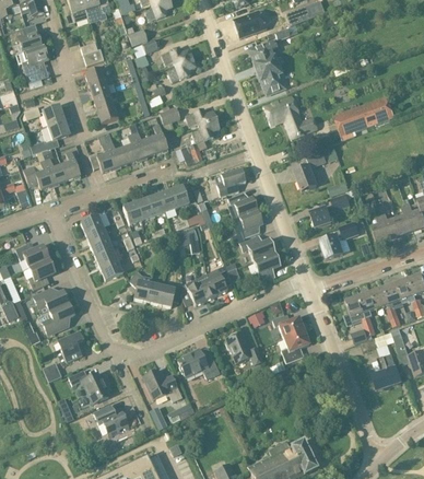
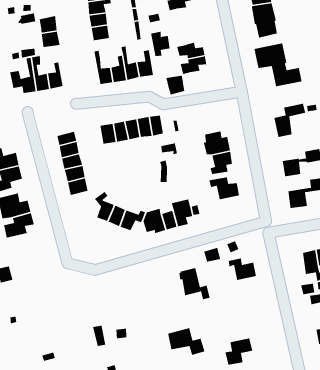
building: [90,133,116,171] -> none
building: [216,168,246,197] -> none
building: [254,254,280,283] -> none
building: [282,331,310,363] -> [225,338,253,366]
building: [56,332,85,366] -> none
building: [179,351,221,379] -> [167,327,205,356]
building: [70,371,109,405] -> none
building: [144,371,182,402] -> none
building: [94,406,130,437] -> none

